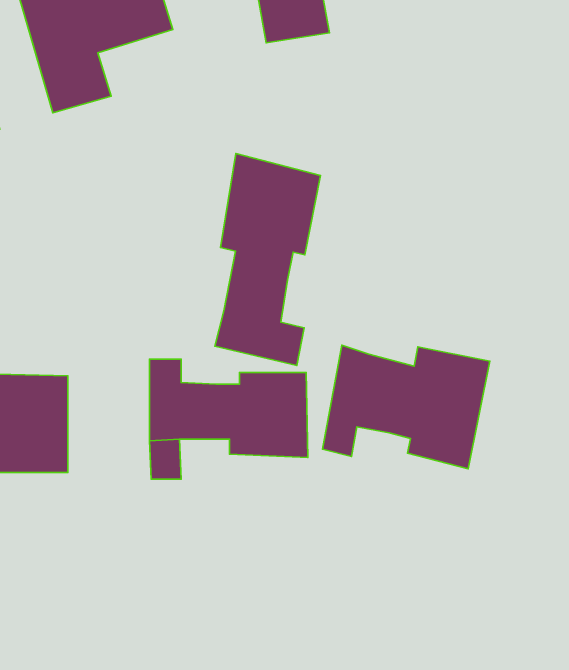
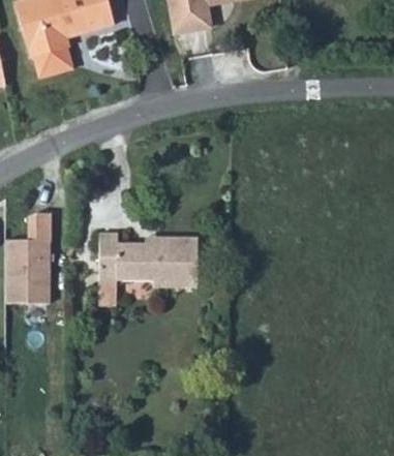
building: [215,153,321,365] -> none
building: [323,345,490,469] -> none

